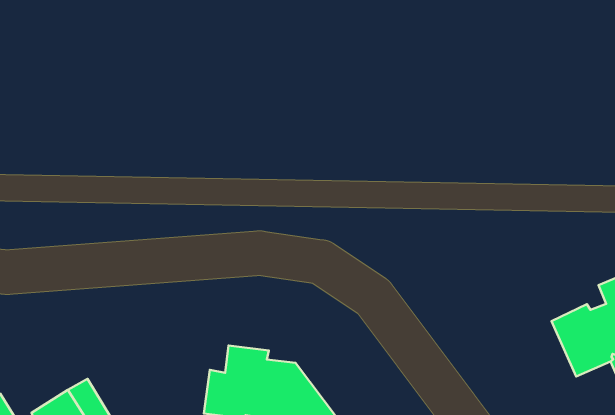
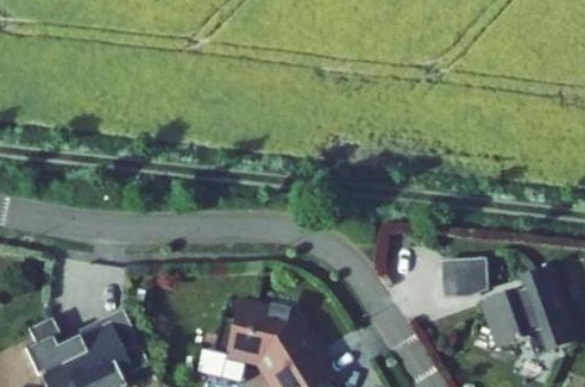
building: none -> [458,261,502,298]

